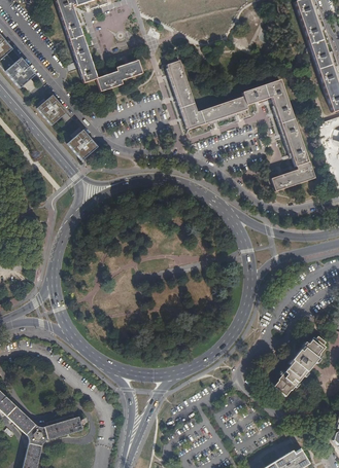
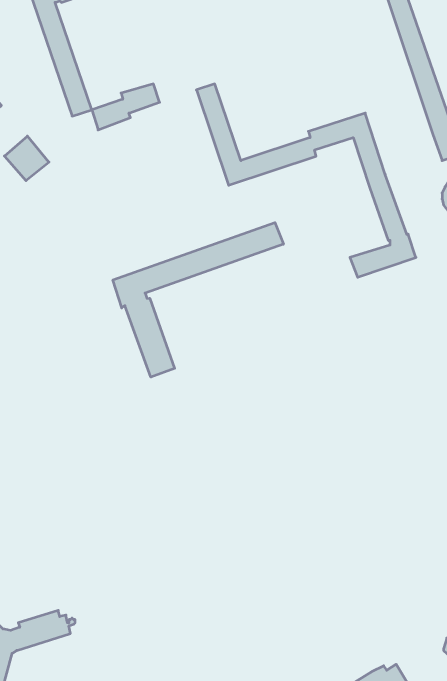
building: [69,131,99,161] -> none
building: none -> [113,223,283,377]
building: [274,336,326,395] -> none

